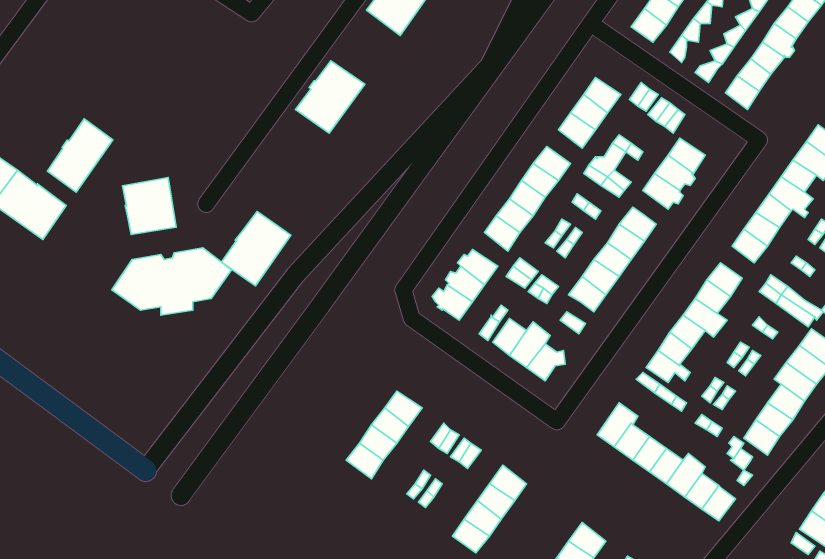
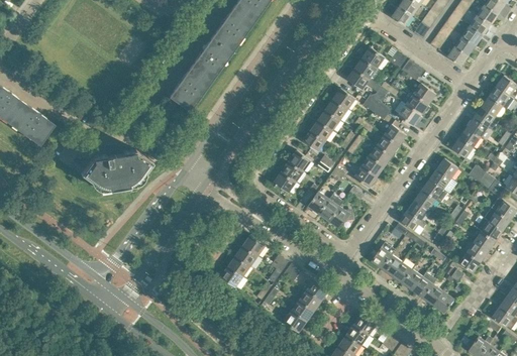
building: none -> [211,7,252,51]
building: [48,119,113,192] -> none
building: [122,177,176,234] -> none
building: [222,212,291,286] -> [169,67,210,111]

